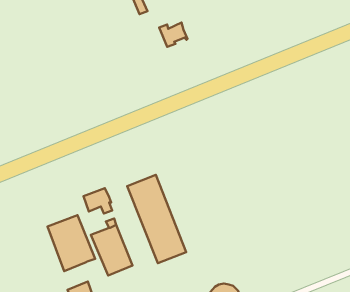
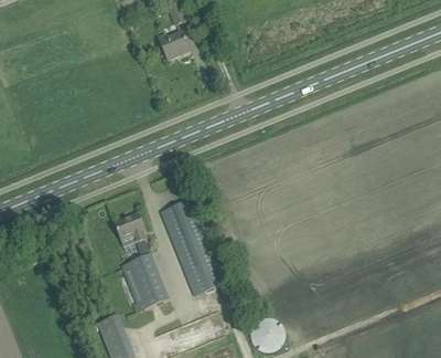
building: [159,23,188,47] -> [158,32,189,59]
building: [48,215,95,271] -> none

